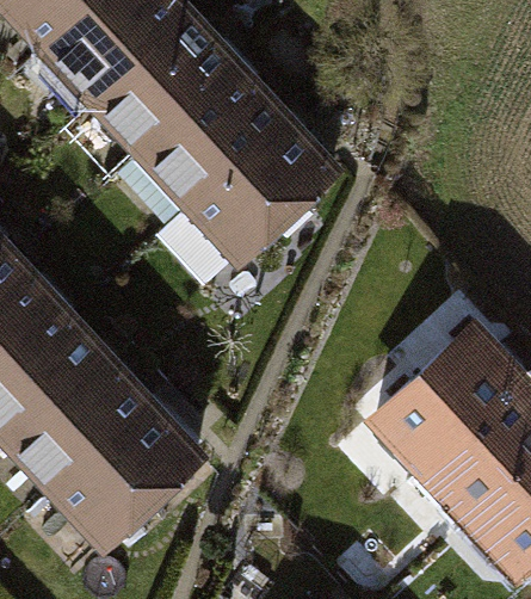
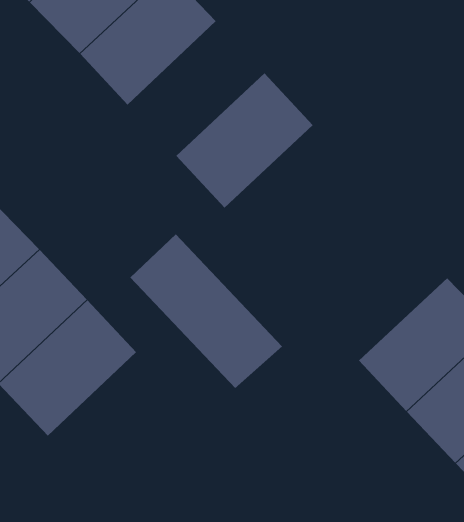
building: [146,69,285,206] -> none
building: none -> [130,233,283,389]
building: [64,407,204,544] -> none

